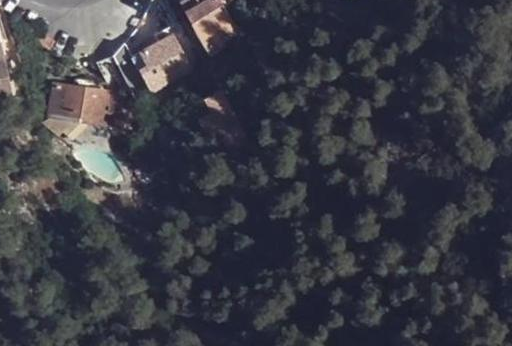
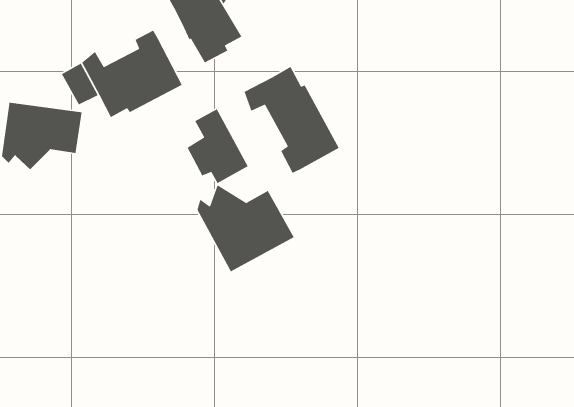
building: none -> [243,66,340,174]
building: none -> [196,184,295,272]

